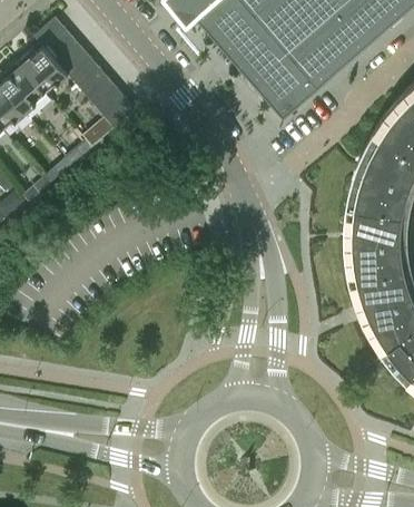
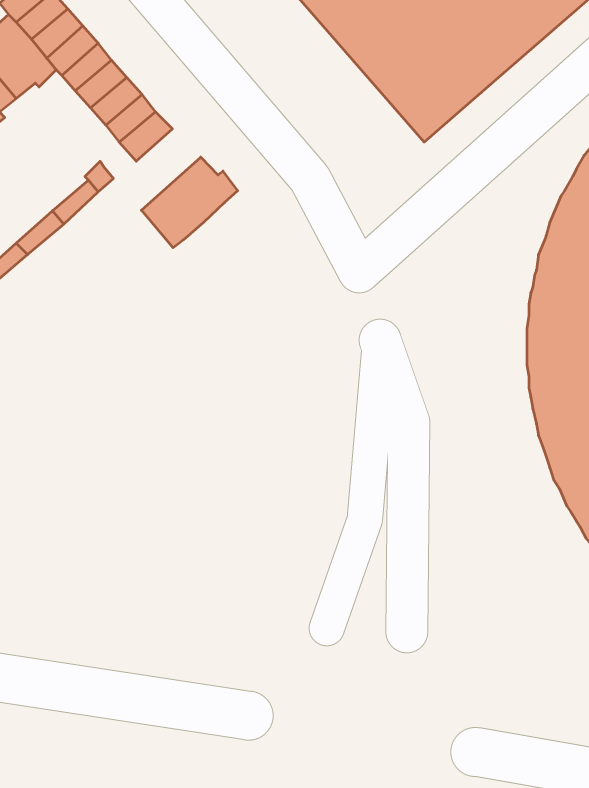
building: none -> [141,157,238,248]

